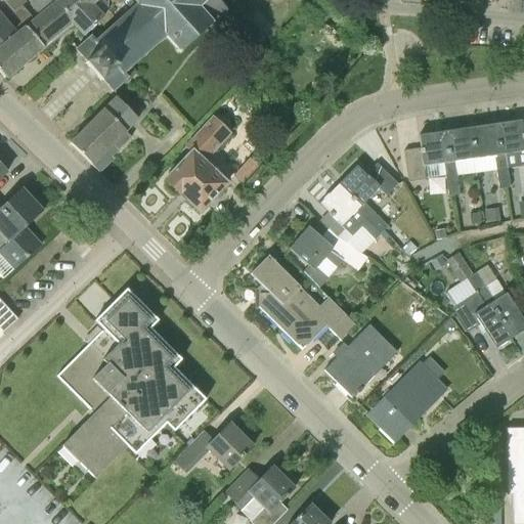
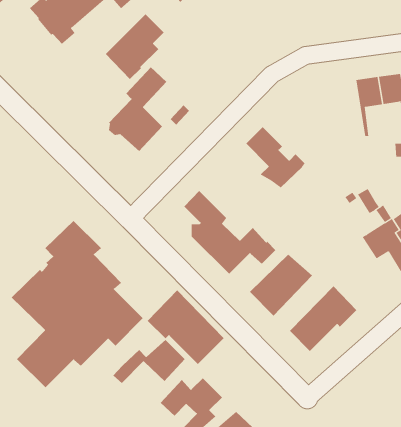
building: [72,96,139,171] -> [104,14,164,80]
building: [405,130,455,194] -> none
building: [341,162,399,220] -> none
building: [290,225,368,287] -> none
building: none -> [147,290,225,365]

